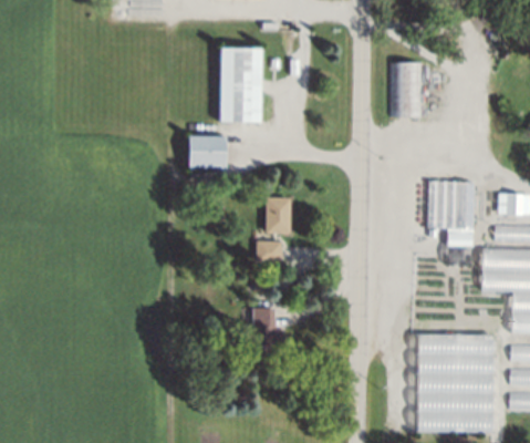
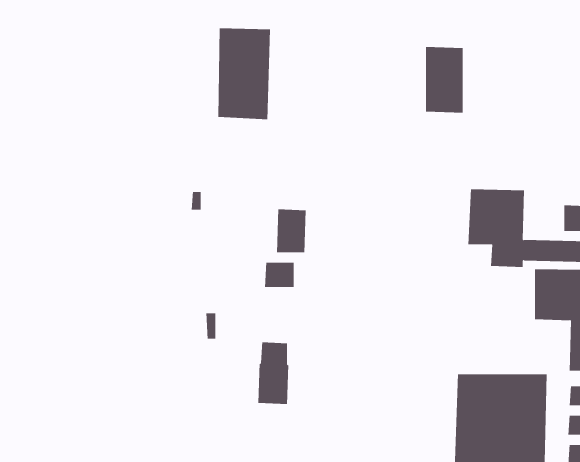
building: [185,134,227,167] -> none

